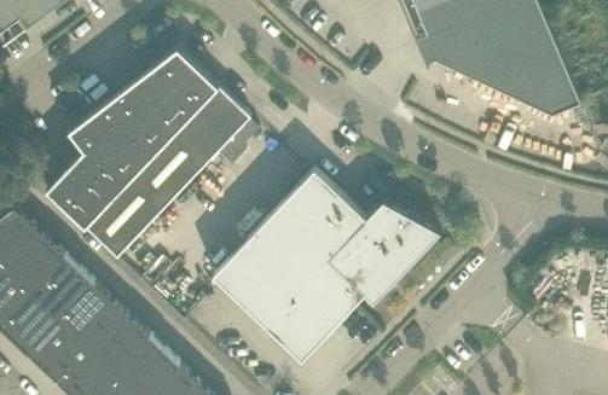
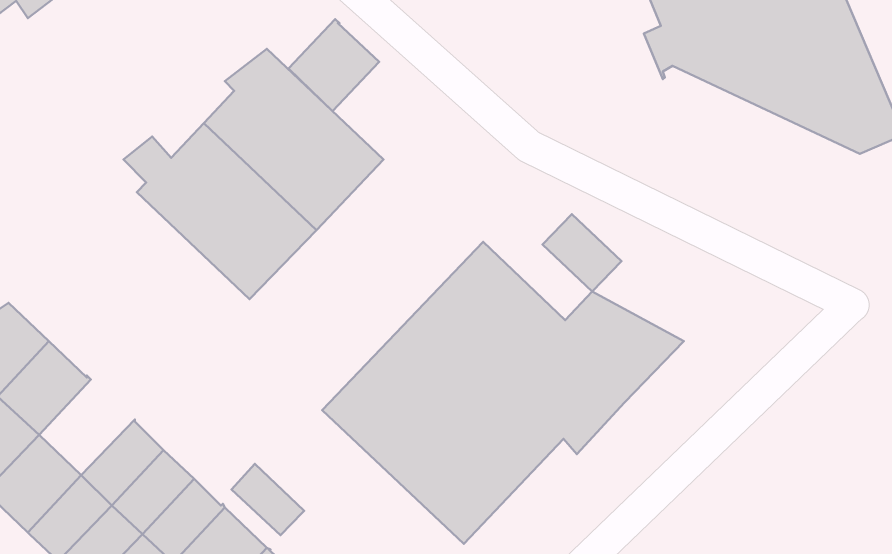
building: none -> [288,19,379,111]
building: [45,117,166,259] -> none
building: none -> [542,214,621,292]
building: [33,256,93,316] -> none
building: none -> [232,464,304,535]

